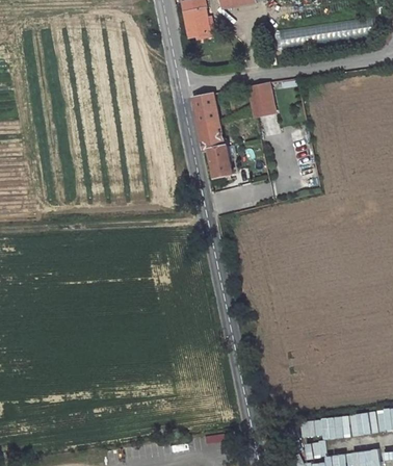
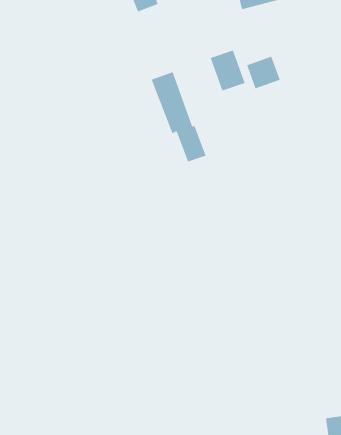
building: none -> [246,56,280,89]

